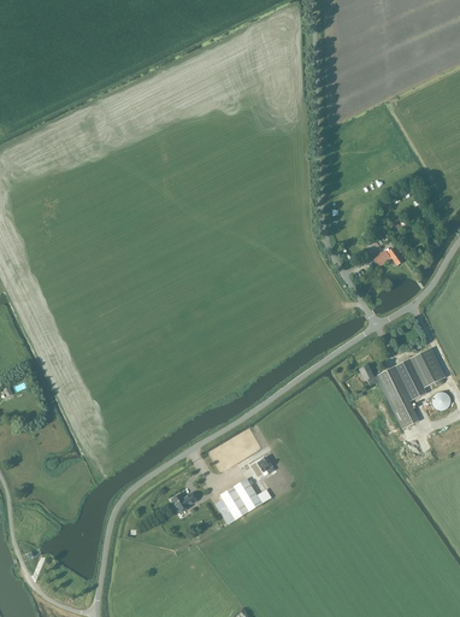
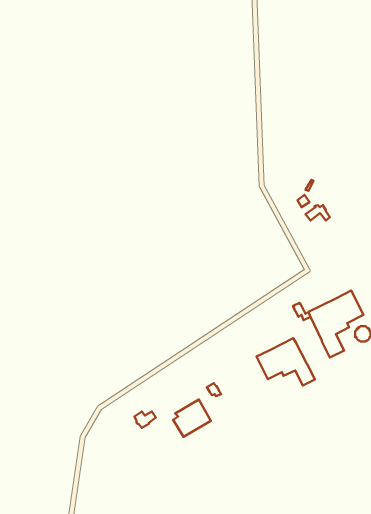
building: none -> [257,338,315,385]

